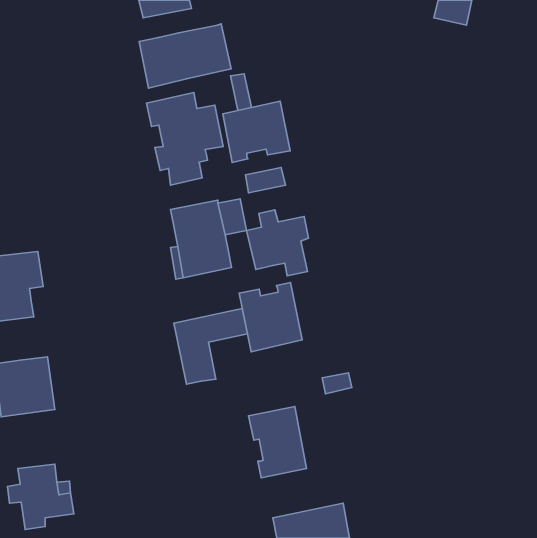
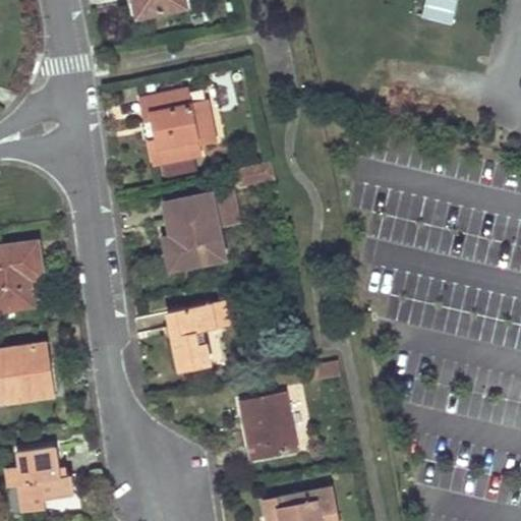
building: [139,24,231,88] -> none
building: [223,101,290,162] -> none
building: [246,210,309,276] -> none
building: [239,282,302,352] -> none

